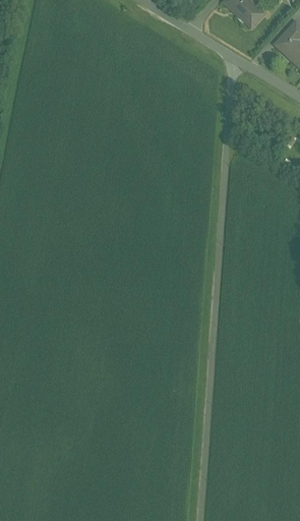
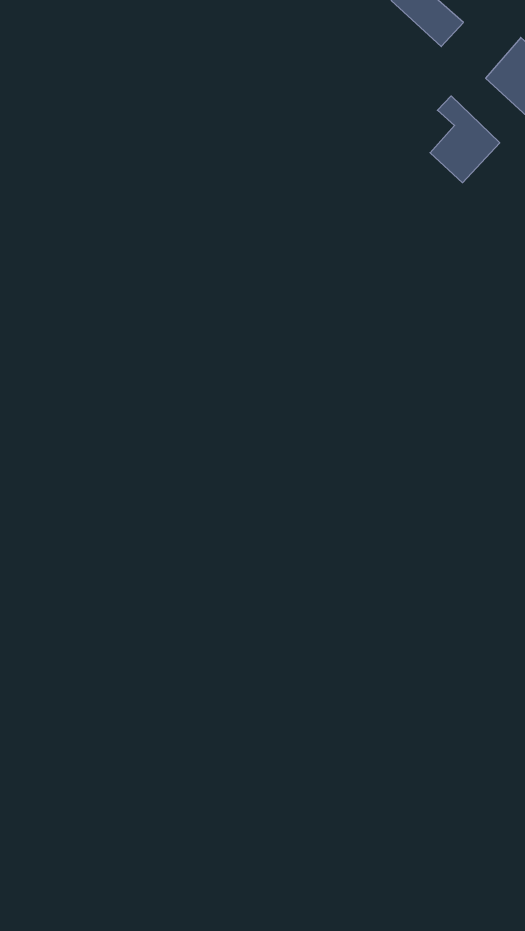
building: none -> [430,96,500,183]

